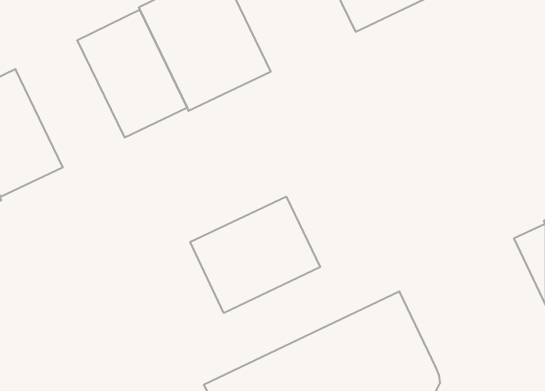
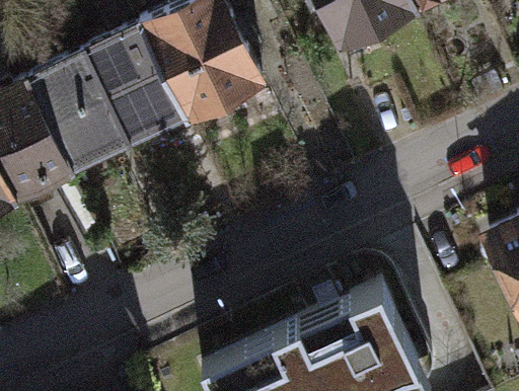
building: none -> [28,58,129,174]
building: [190,197,320,313] -> none

